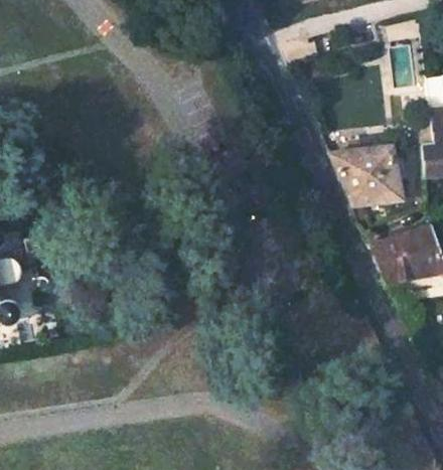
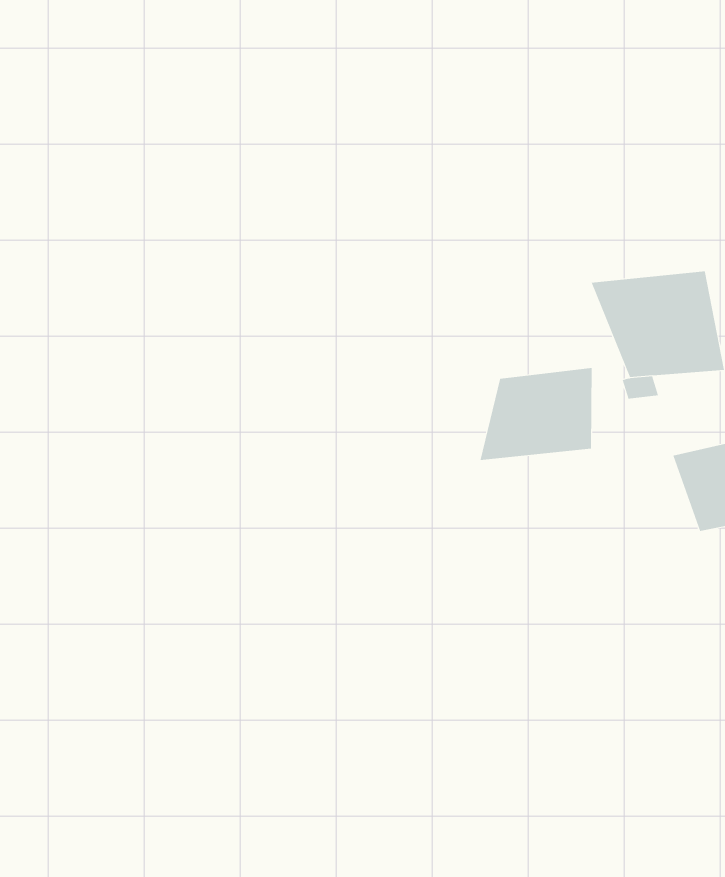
building: none -> [480,367,592,461]

